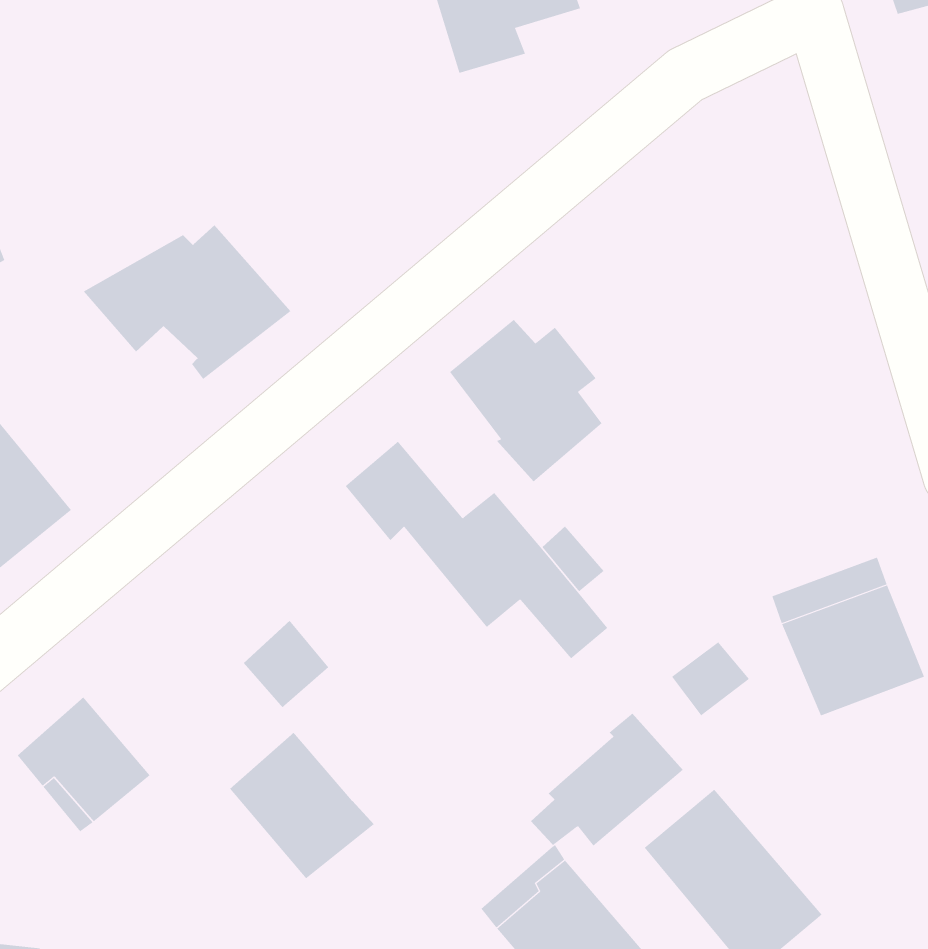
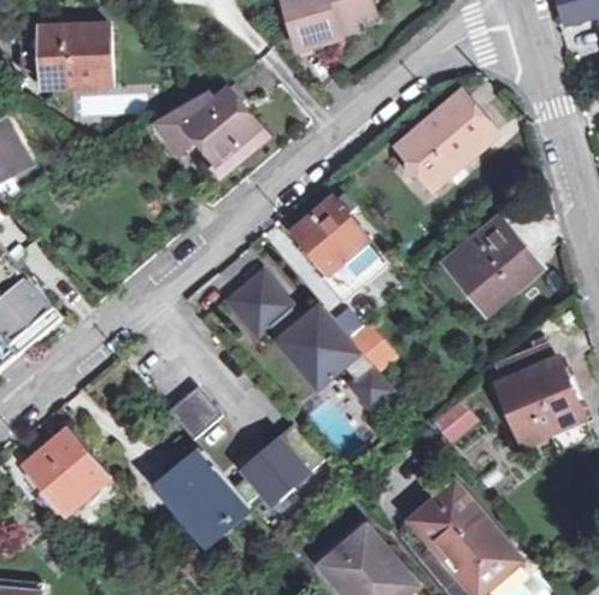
building: none -> [34,23,108,89]
building: none -> [399,92,498,189]
building: [83,225,291,380] -> [142,83,270,178]
building: none -> [451,224,535,310]
building: [530,713,683,847] -> [233,429,327,511]

